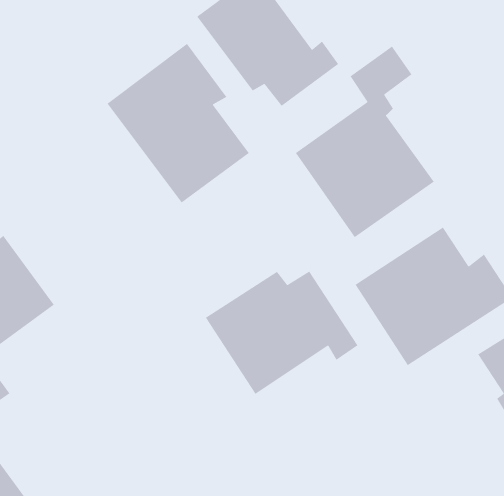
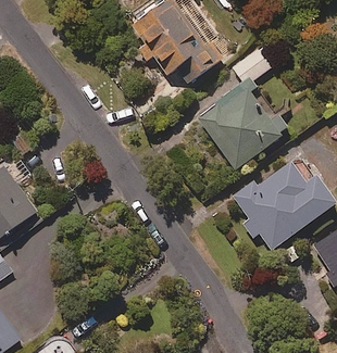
building: [106,43,250,203] -> none
building: [205,271,358,395] -> none

